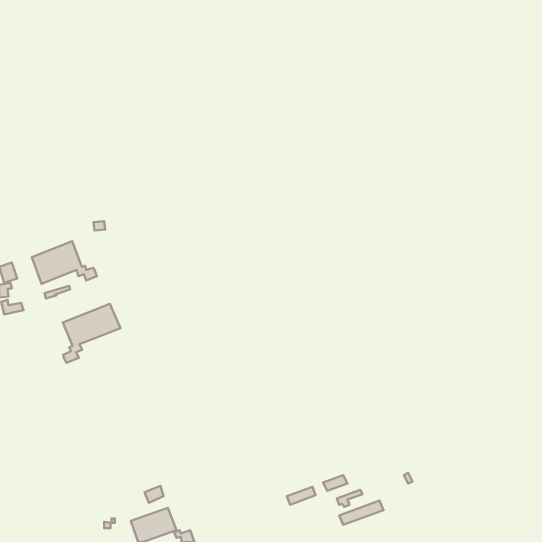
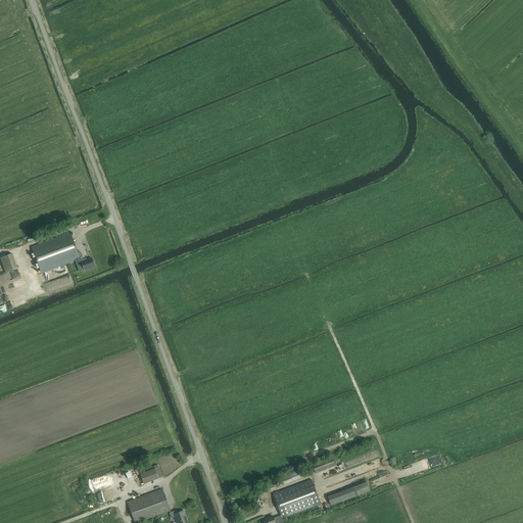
building: [63,304,120,363] -> none
building: none -> [272,478,320,517]

